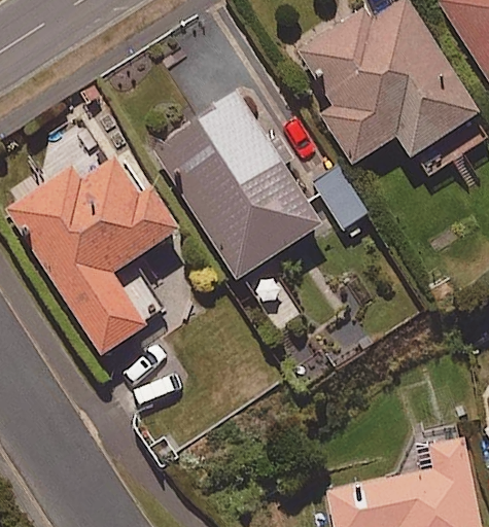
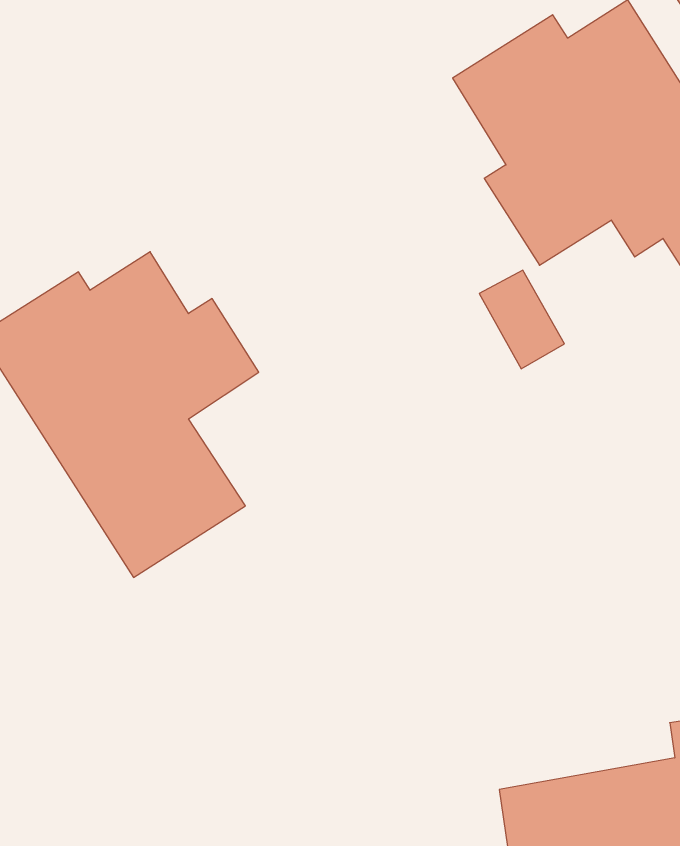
building: [152,92,321,279] -> none

